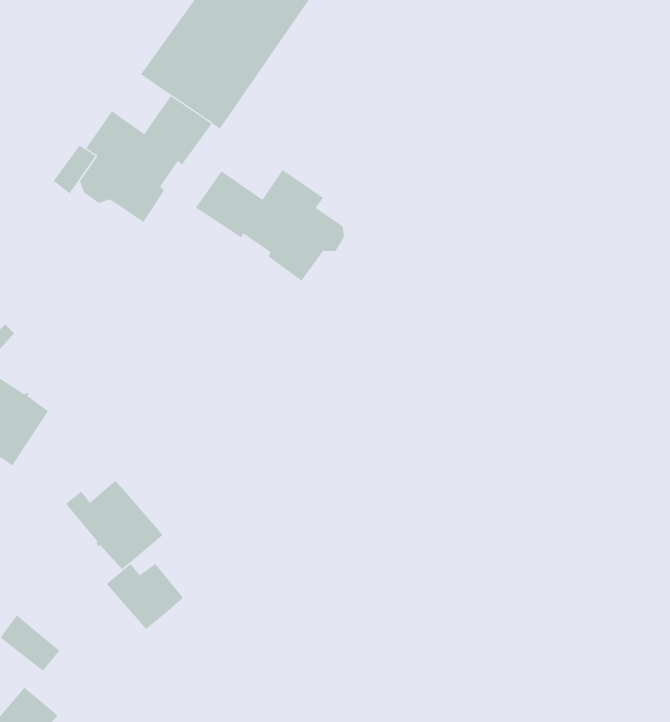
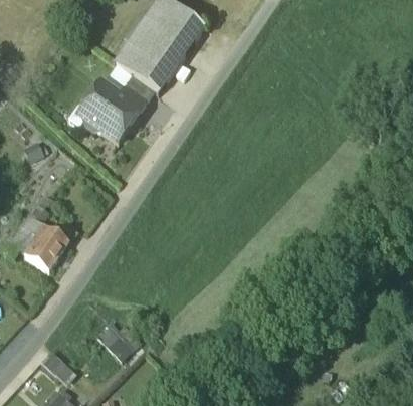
building: [195,169,345,281] -> none
building: [65,480,164,570] -> none

